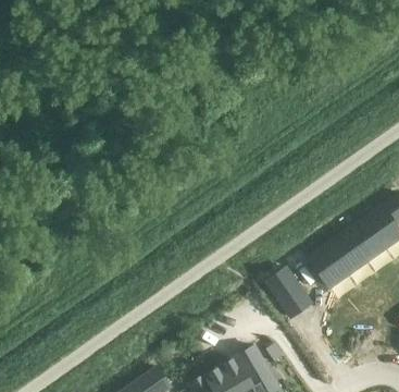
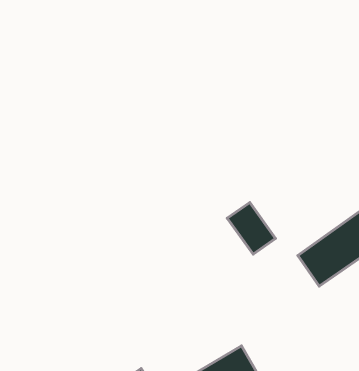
building: [265,268,312,318] -> [227,202,276,254]

